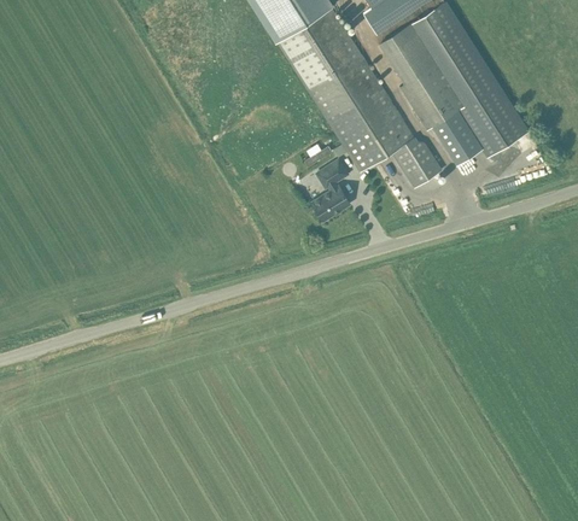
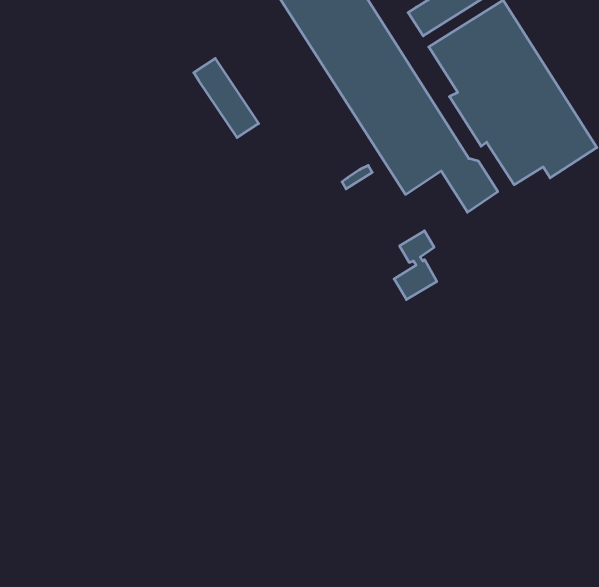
building: none -> [194,58,259,138]
building: [313,159,350,219] -> [394,231,437,300]

